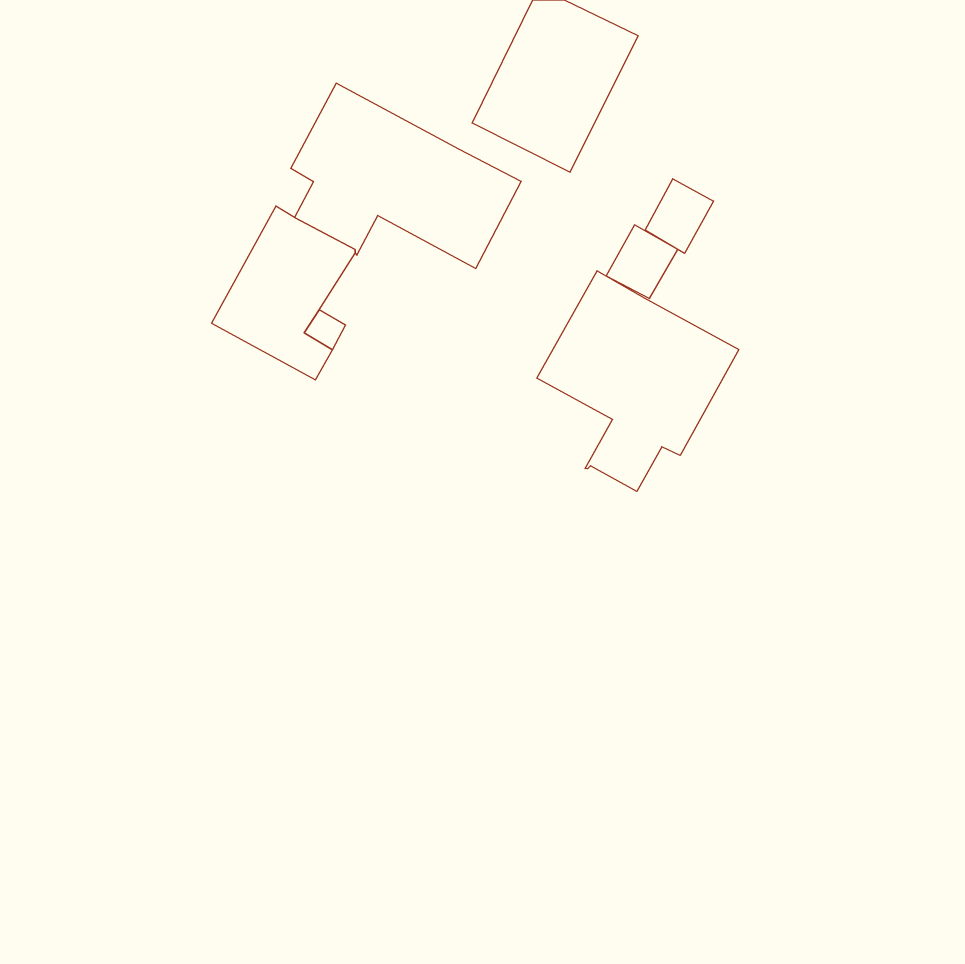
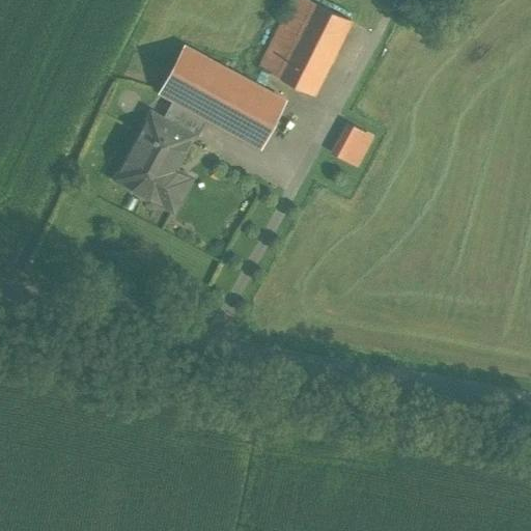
building: [645,179,714,253] -> none
building: [537,271,739,491] -> none

